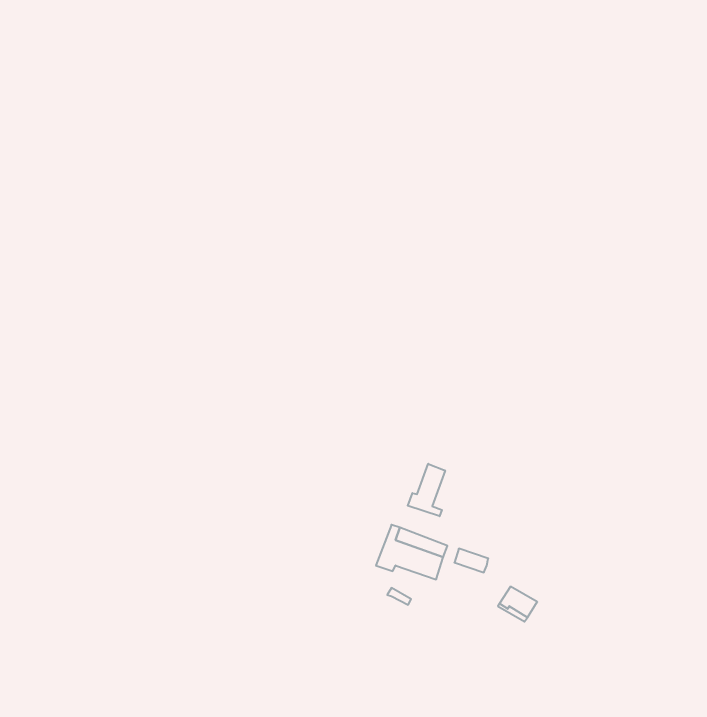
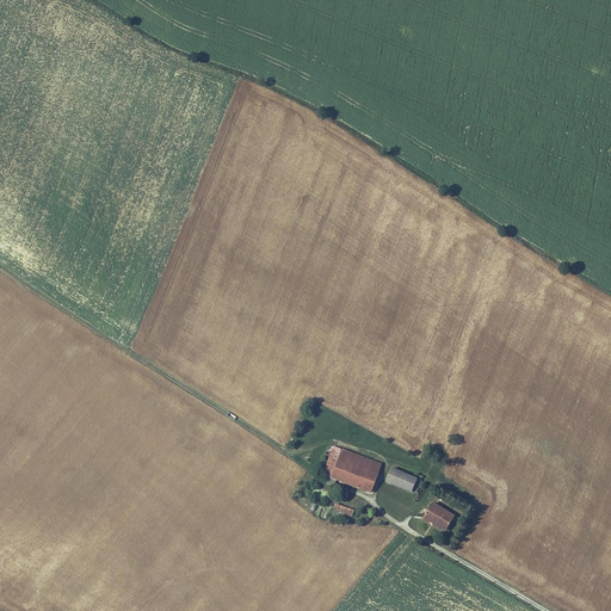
building: [408,464,445,516] -> none

